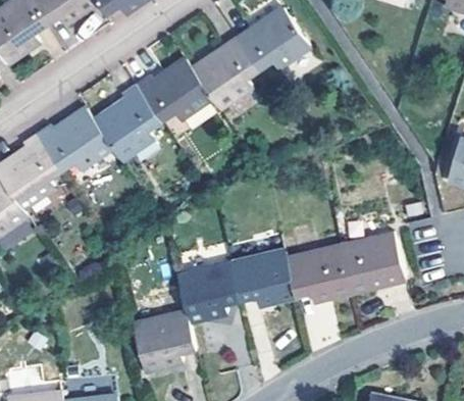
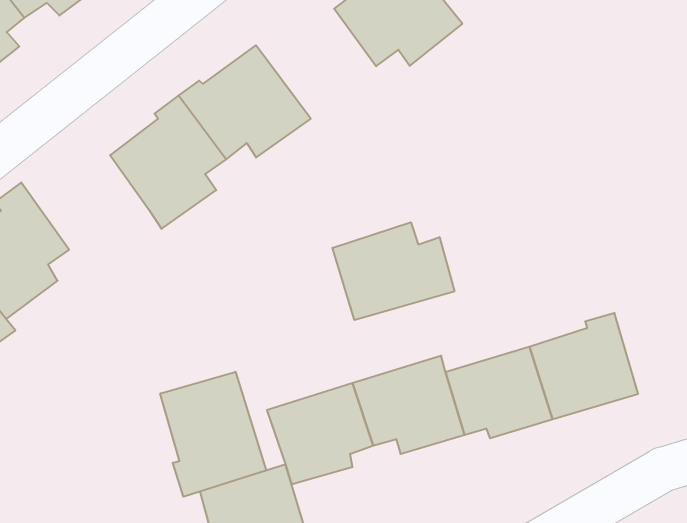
building: [191,34,257,109] -> none
building: [37,103,113,170] -> none
building: none -> [332,222,454,320]
building: none -> [160,372,266,497]

